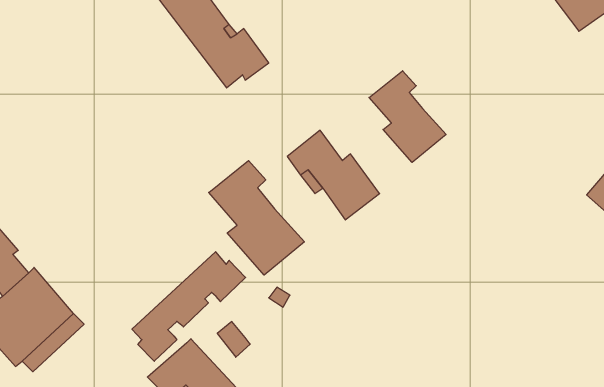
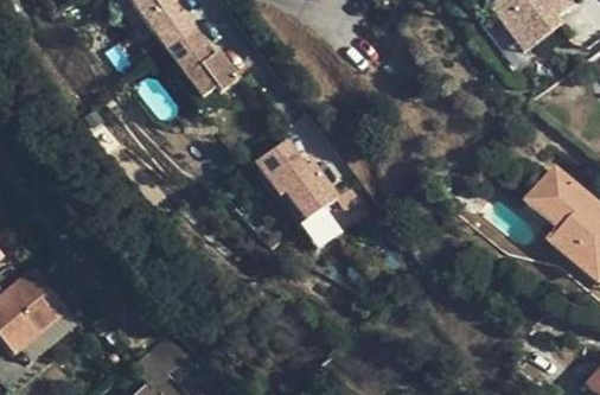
building: [369,71,446,162] -> none
building: [209,161,304,275] -> none
building: [132,252,246,361] -> none

